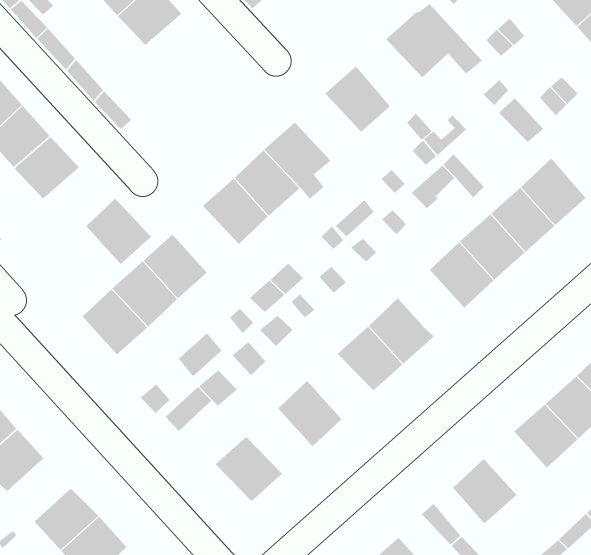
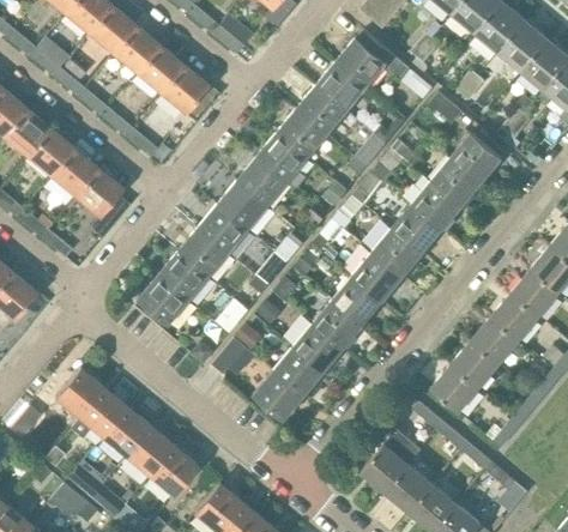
building: none -> [159,65,209,114]
building: none -> [318,62,368,111]
building: none -> [278,109,328,158]
building: [85,198,152,265] -> [199,205,249,254]
building: none -> [373,229,423,278]
building: none -> [314,301,364,349]
building: none -> [274,347,325,395]
building: none -> [453,340,501,387]
building: none -> [103,409,150,457]

